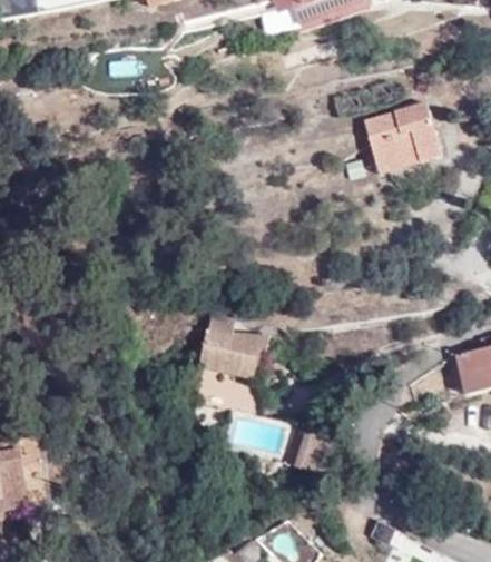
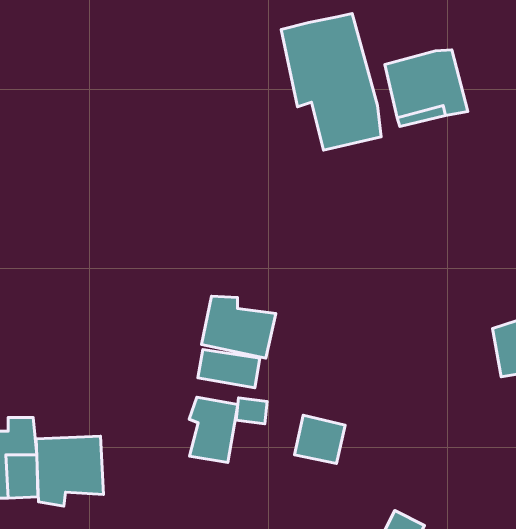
building: none -> [281,14,381,150]
building: none -> [189,397,238,462]
building: none -> [36,436,103,506]

